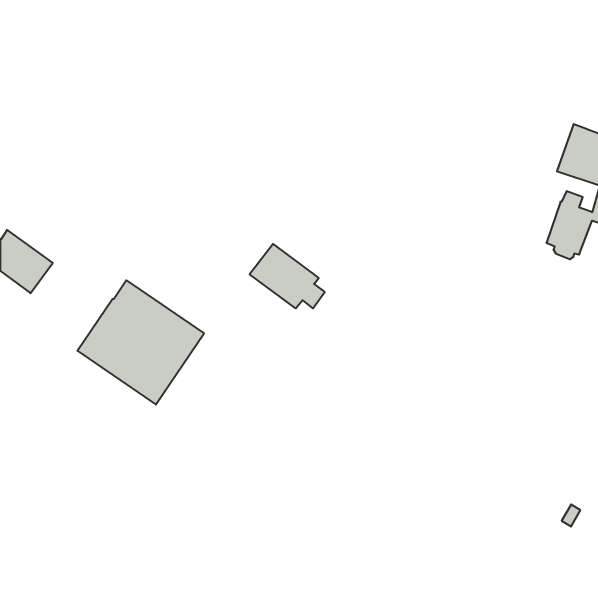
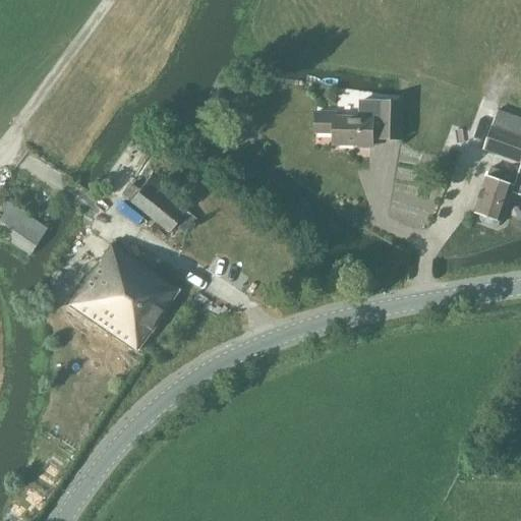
building: none -> [315,99,401,146]
building: [250,244,325,308] -> [130,176,195,232]

